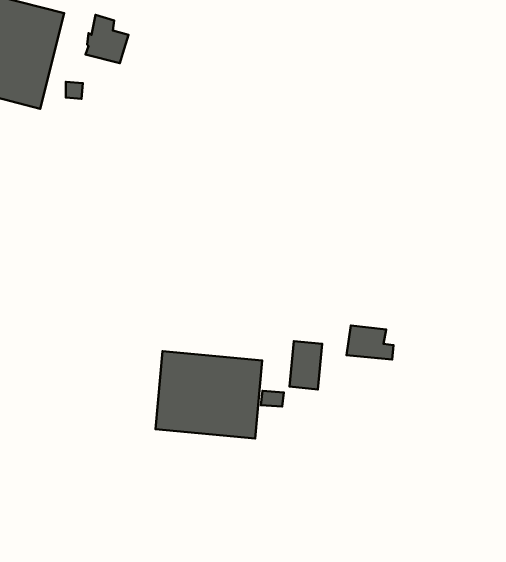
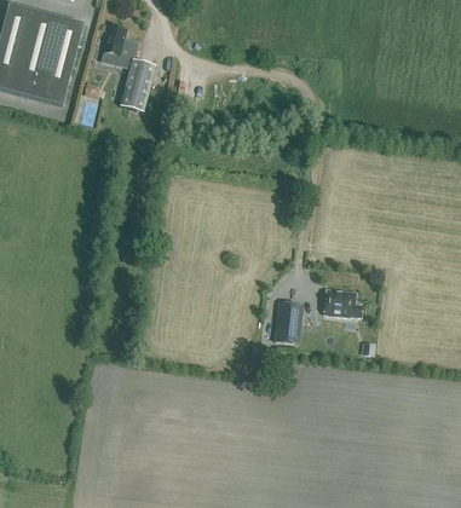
building: none -> [119,58,155,111]
building: [156,351,262,439] -> none

